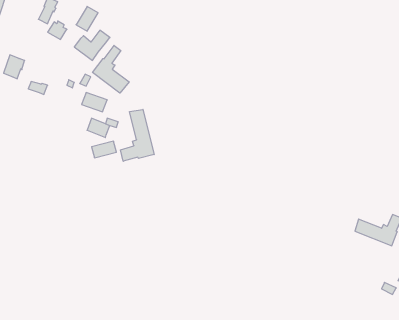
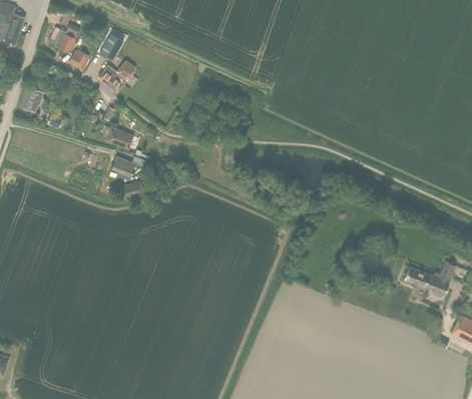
building: [93,45,129,93] -> none
building: [120,109,154,161] -> none

